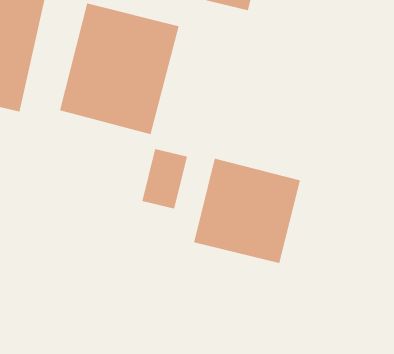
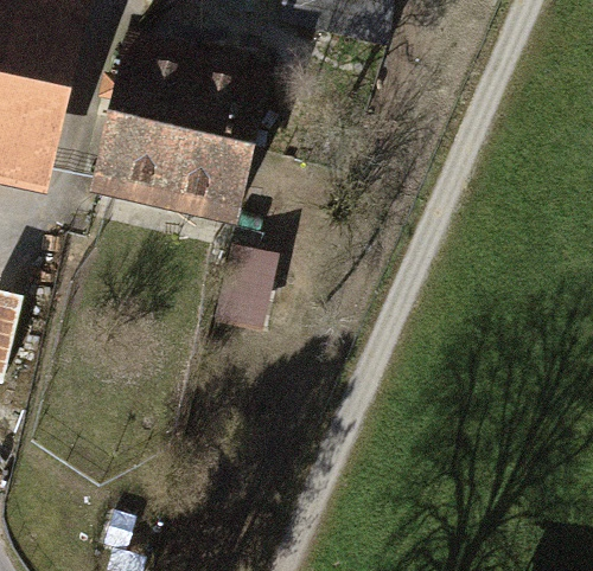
building: [193,158,301,264] -> none

